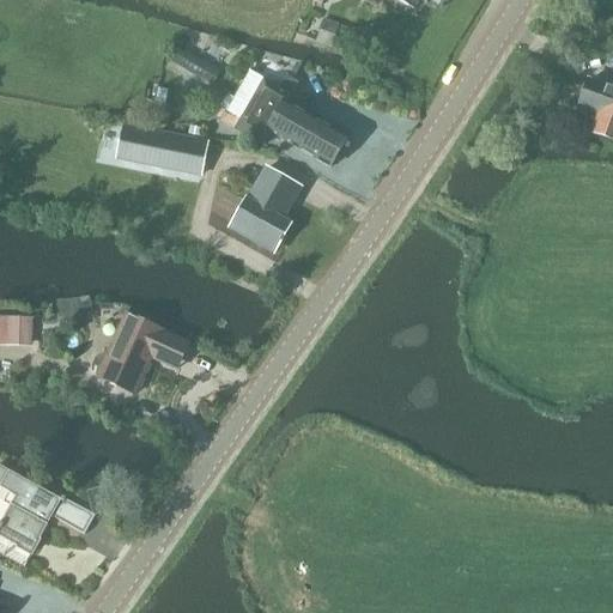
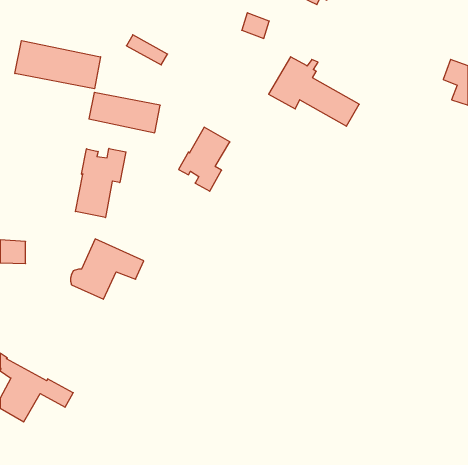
building: none -> [15,41,101,89]
building: [229,74,347,165] -> [269,57,359,126]
building: none -> [75,148,126,218]

